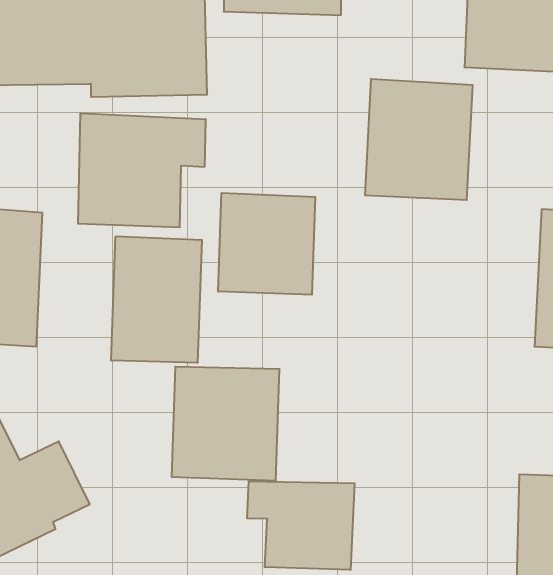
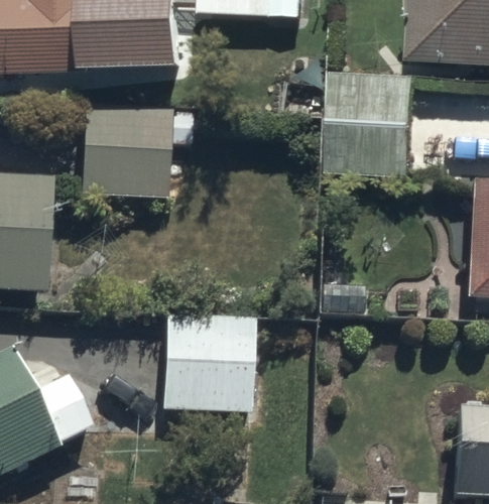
building: [218,193,315,295] -> none
building: [111,236,202,363] -> none
building: [247,481,355,570] -> none

